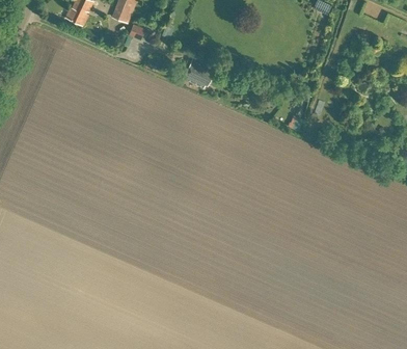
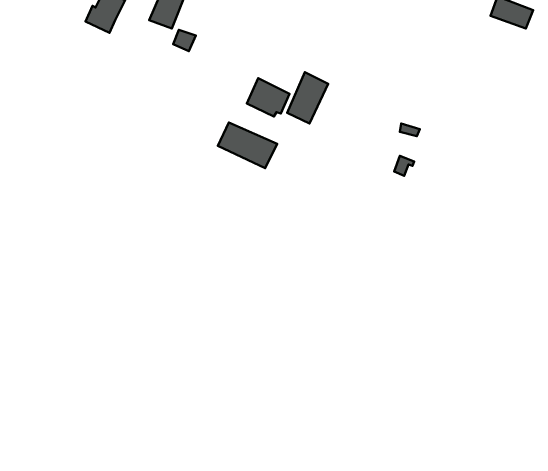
building: none -> [287,72,328,123]
building: none -> [218,122,277,168]

